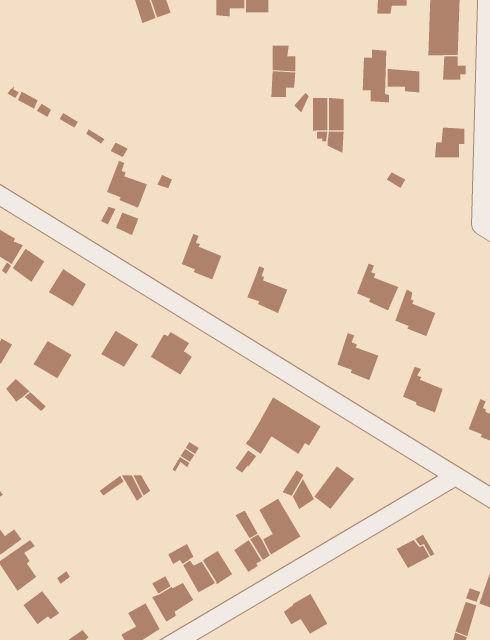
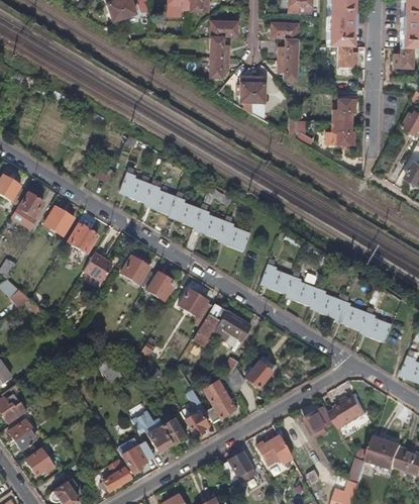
building: none -> [212,22,239,38]
building: [387,69,420,93] -> [274,24,299,42]
building: none -> [328,123,356,145]
building: [106,160,148,208] -> [119,167,150,203]
building: none -> [168,192,200,228]
building: [356,263,399,311] -> [217,217,249,254]
building: [395,289,436,337] -> [286,267,317,303]
building: [32,340,73,379] -> [67,223,97,253]
building: none -> [143,272,172,299]
building: none -> [177,288,212,320]
building: none -> [335,292,366,327]
building: none -> [335,394,366,424]
building: none -> [254,434,290,464]

